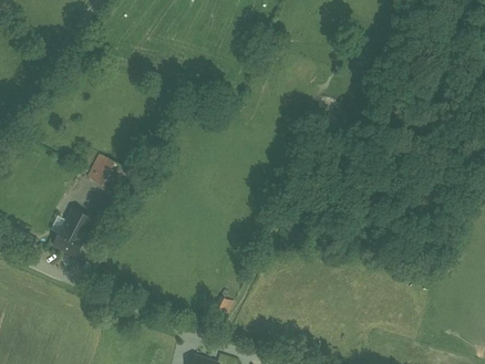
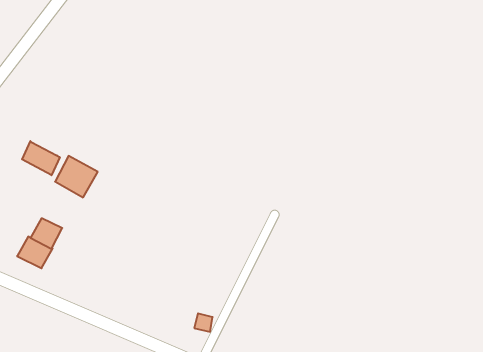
building: none -> [22,141,60,175]

